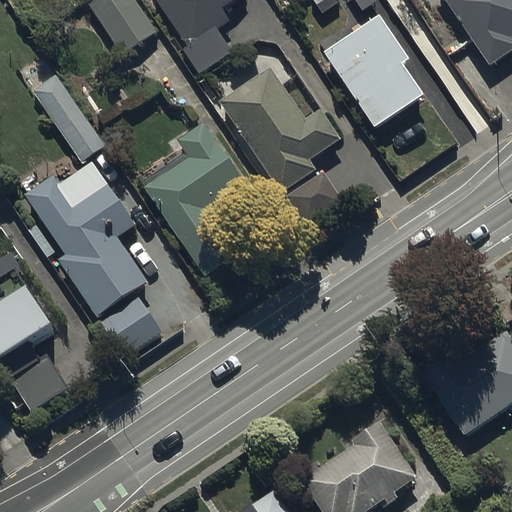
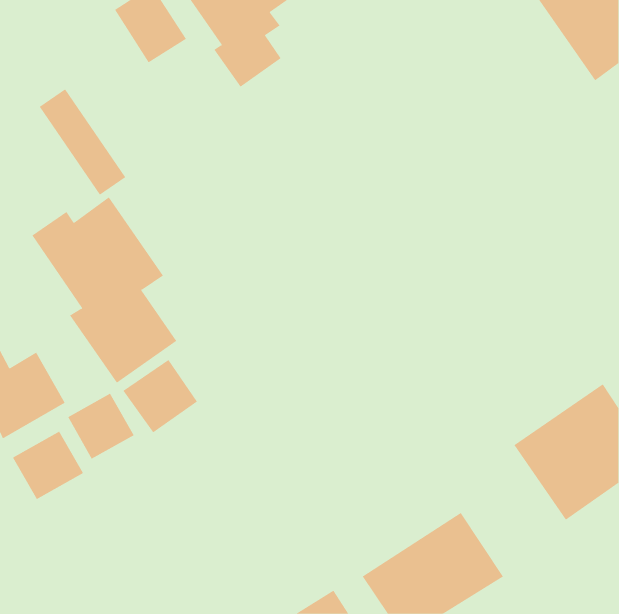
building: [323,15,423,129] -> none
building: [217,68,342,223] -> none
building: [143,124,243,275] -> none
building: none -> [68,393,134,459]

